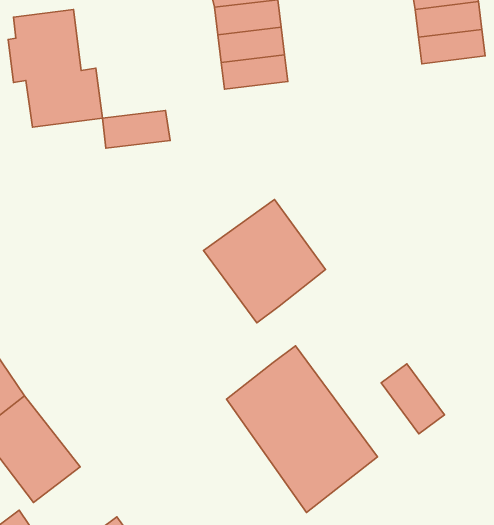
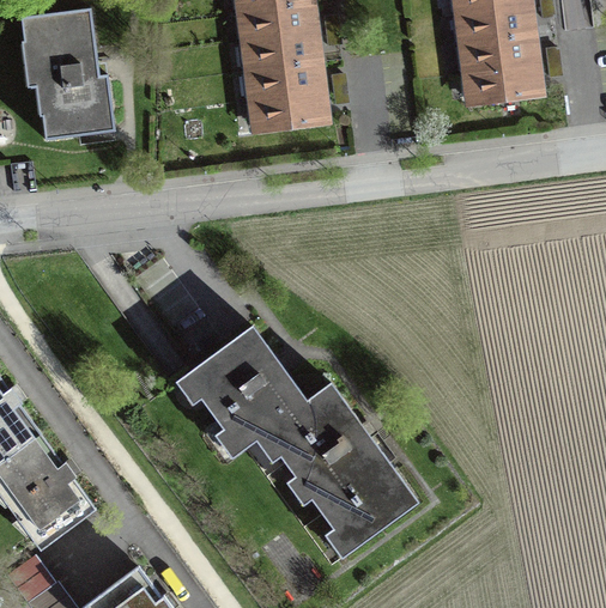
building: none -> [465,65,537,105]
building: [102,110,170,148] -> [252,92,325,133]
building: [204,200,326,323] -> [172,320,304,452]
building: [381,364,445,434] -> none

